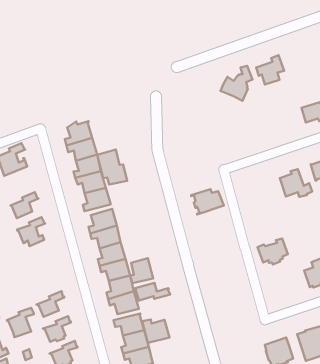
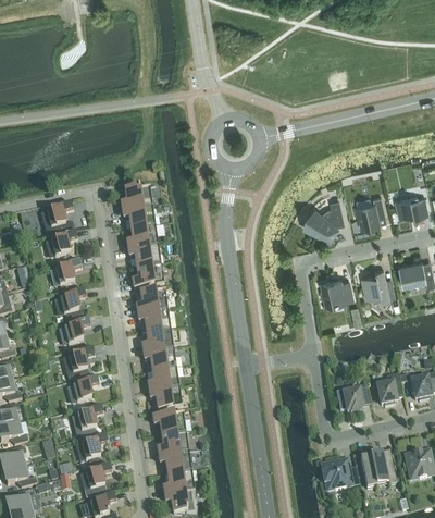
building: [256,55,284,85] -> [352,193,384,224]
building: [220,66,253,101] -> [303,197,341,236]
building: [97,150,127,184] -> none
building: none -> [45,229,77,255]
building: [191,189,224,214] -> [316,274,352,301]
building: [258,239,288,264] -> [335,382,369,410]
building: none -> [58,316,89,343]
building: [130,258,153,283] -> none
building: [135,283,170,301] -> none
building: [7,308,34,337] -> [62,345,94,377]
building: [142,320,169,343] -> none

